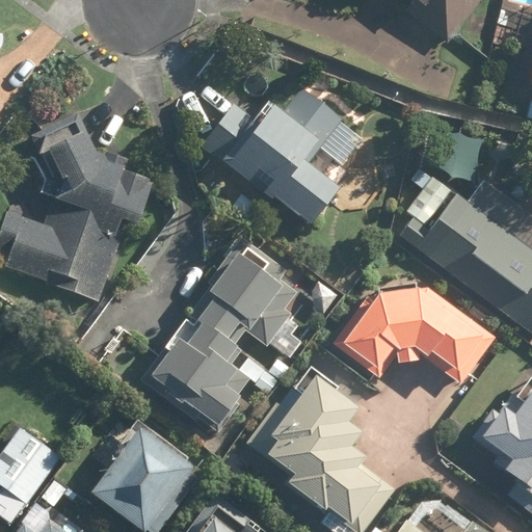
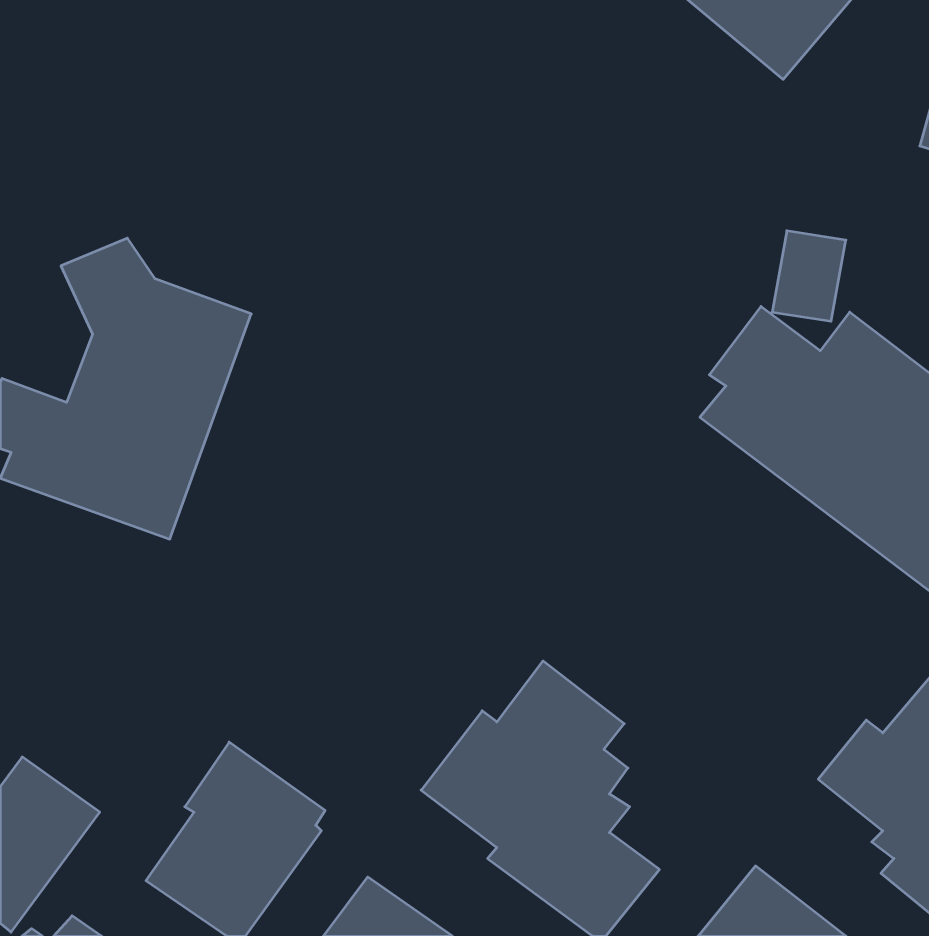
building: [200,85,367,233] -> none
building: [142,235,307,429] -> none
building: [332,289,499,387] -> none

